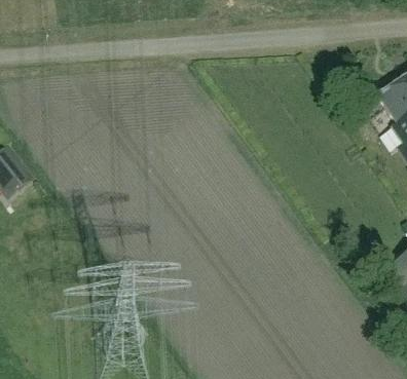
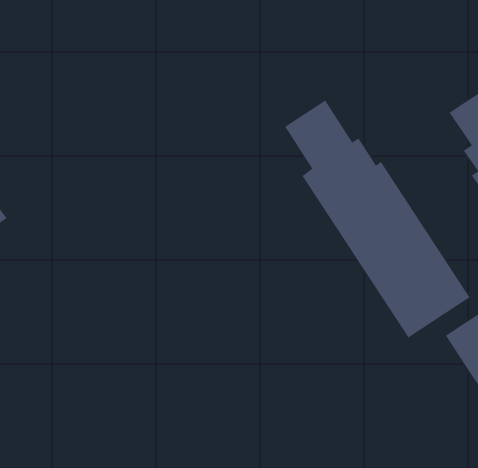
building: none -> [284,100,470,338]

